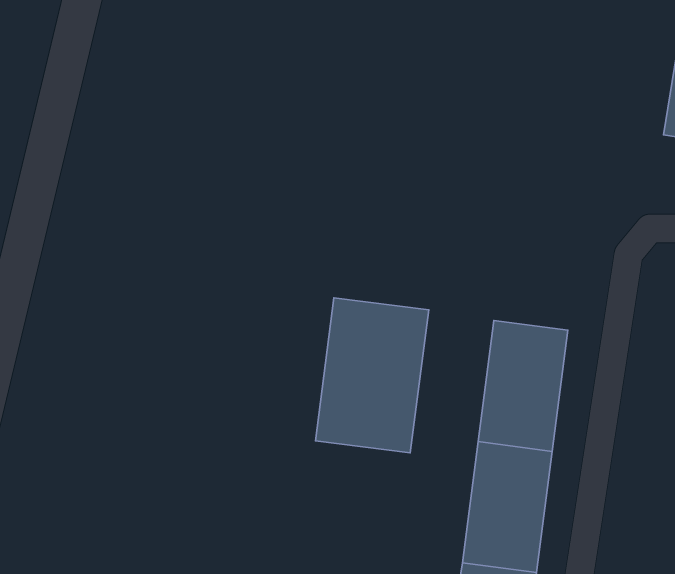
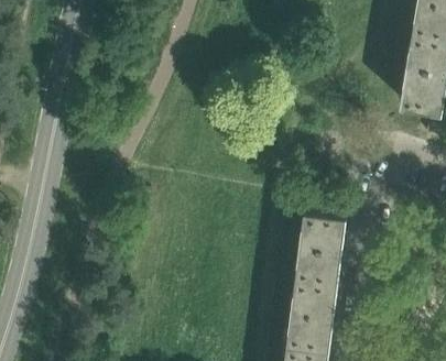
building: [315,298,429,453] -> none

